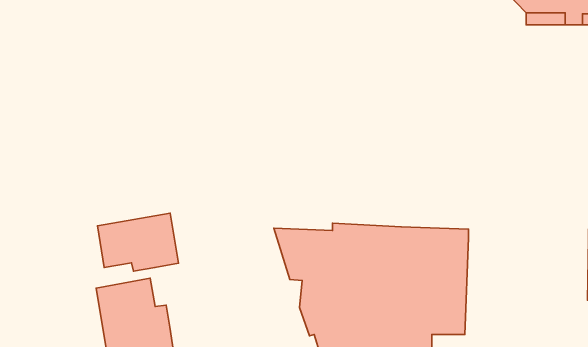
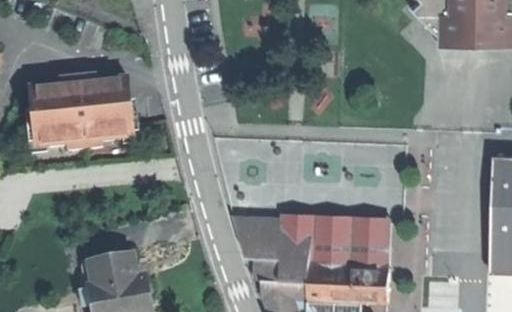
building: none -> [29,73,134,149]
building: [98,213,179,271] -> none

